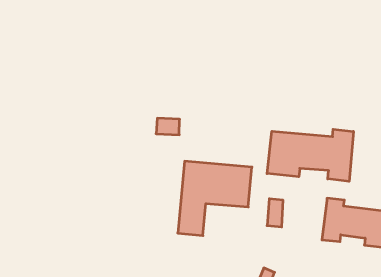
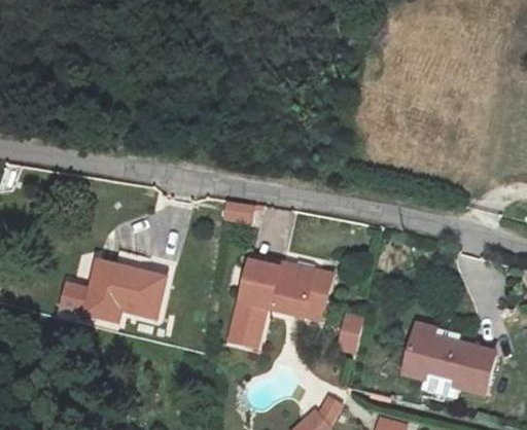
building: [267,129,353,181] -> none
building: none -> [59,257,162,317]

